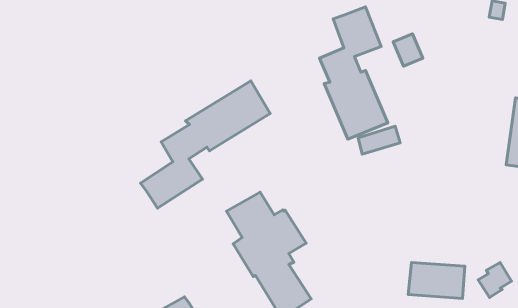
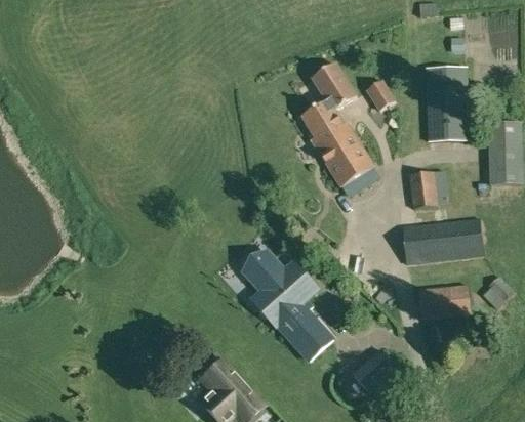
building: none -> [425,67,469,141]
building: [141,81,270,208] -> none
building: none -> [409,171,447,208]
building: none -> [402,217,484,264]

